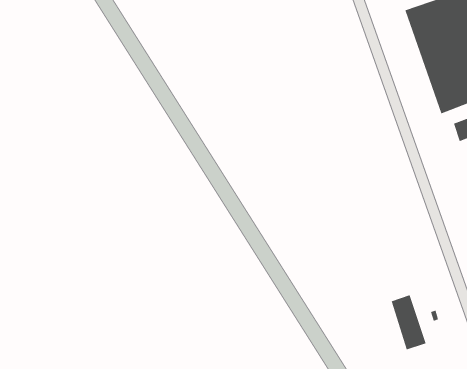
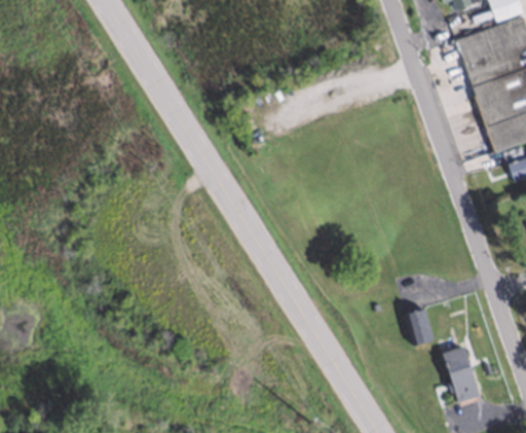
building: none -> [405,306,435,346]

